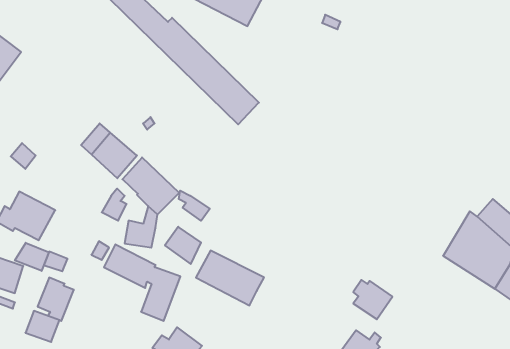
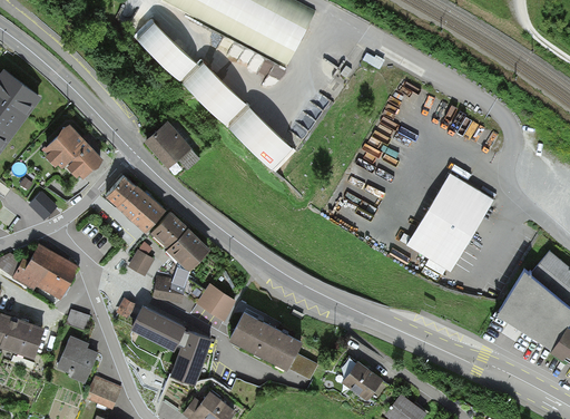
building: none -> [141,117,202,170]
building: none -> [42,129,104,184]
building: none -> [405,172,494,272]
building: [179,191,210,221] -> none
building: [15,243,49,271] -> none
building: [353,280,392,319] -> [340,360,382,402]
building: none -> [286,353,317,381]
building: [25,311,60,342] -> [85,378,121,411]

